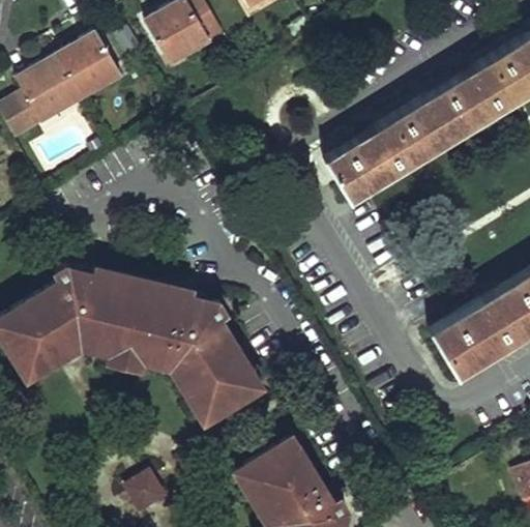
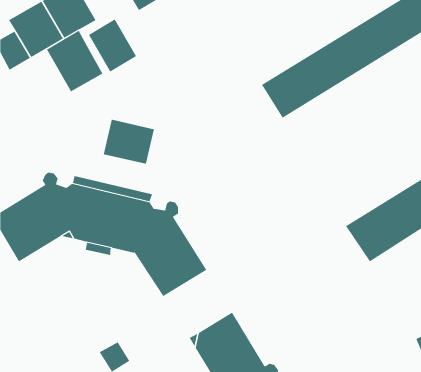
building: none -> [88,18,137,72]
building: none -> [46,30,103,92]
building: none -> [103,119,155,165]

